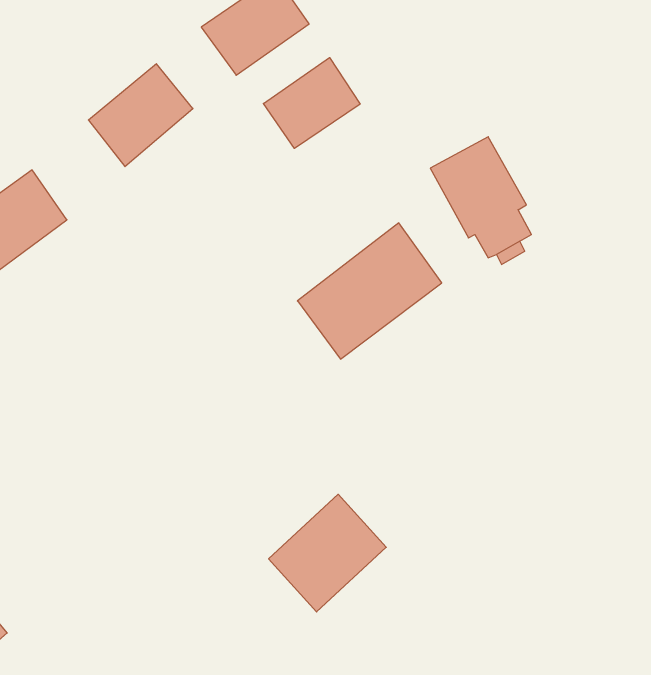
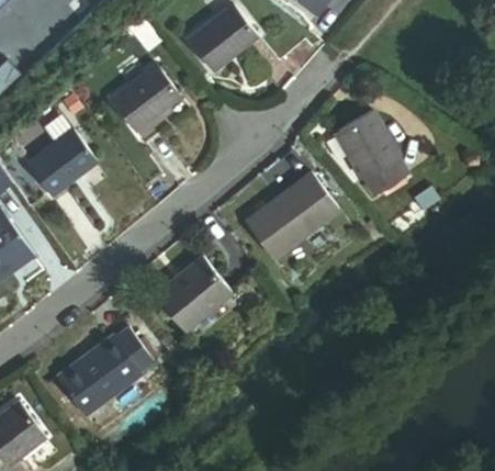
building: [263,58,360,148] -> none
building: none -> [66,337,149,417]
building: [269,494,386,612] -> [159,256,237,334]

